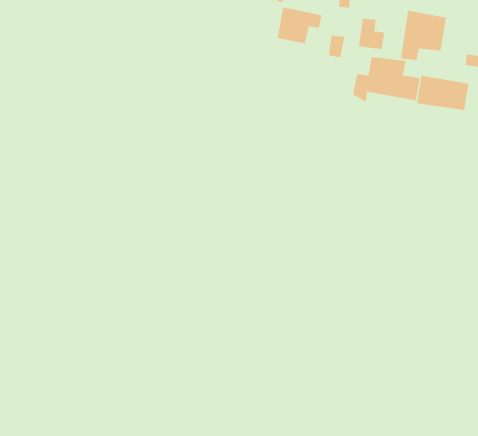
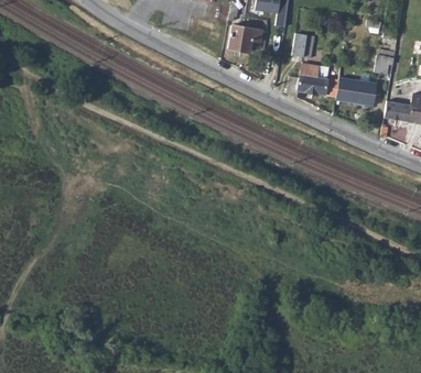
building: [400,10,447,61] -> none

